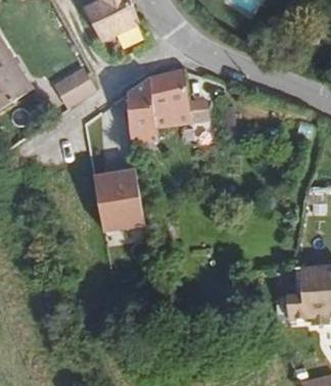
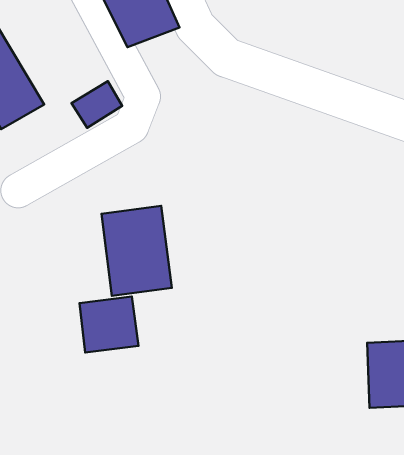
building: [132,69,187,132] -> none
building: none -> [80,296,138,353]

